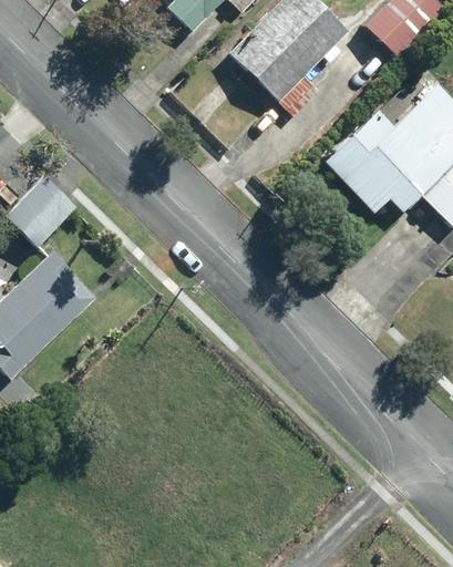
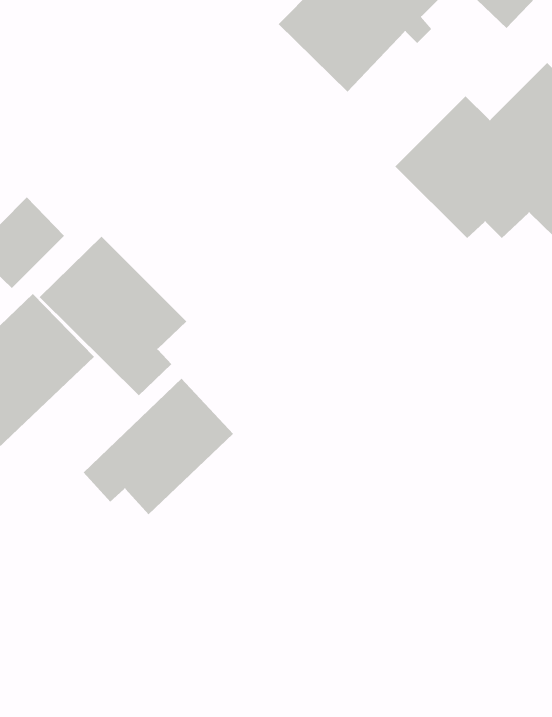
building: none -> [39,236,187,396]
building: none -> [83,378,234,515]

